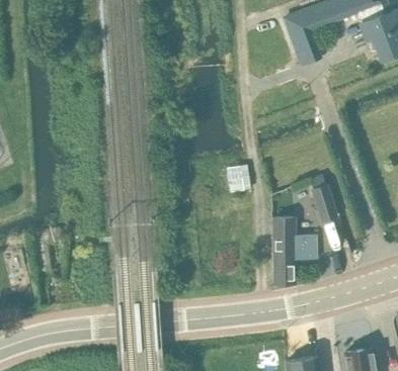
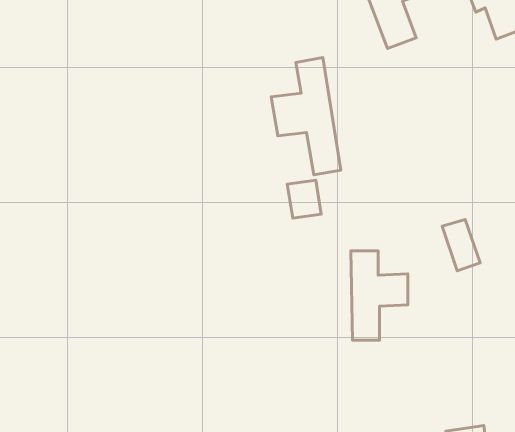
building: none -> [271,58,341,175]
building: [311,184,339,222] -> [442,219,480,271]

